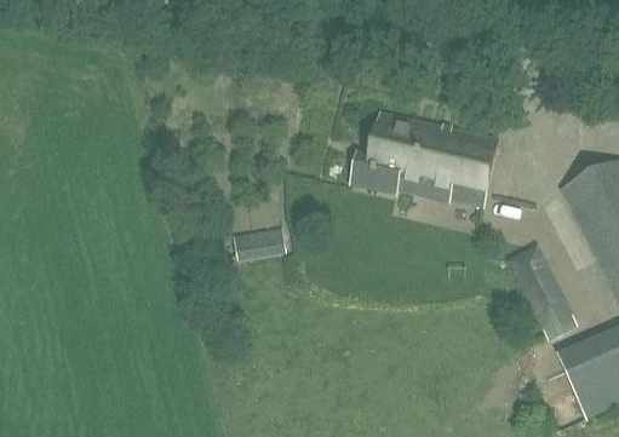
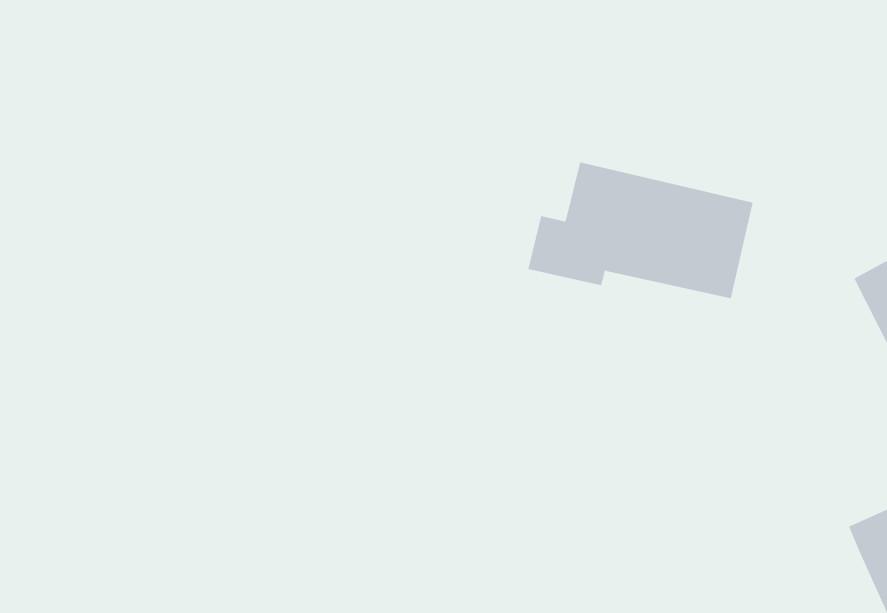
building: [233,225,287,260] -> none
building: [510,247,577,338] -> none

